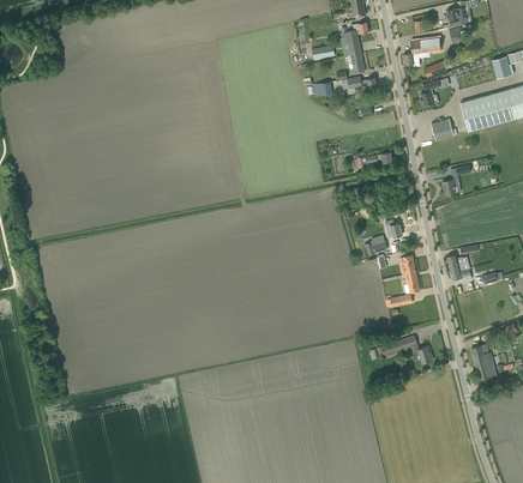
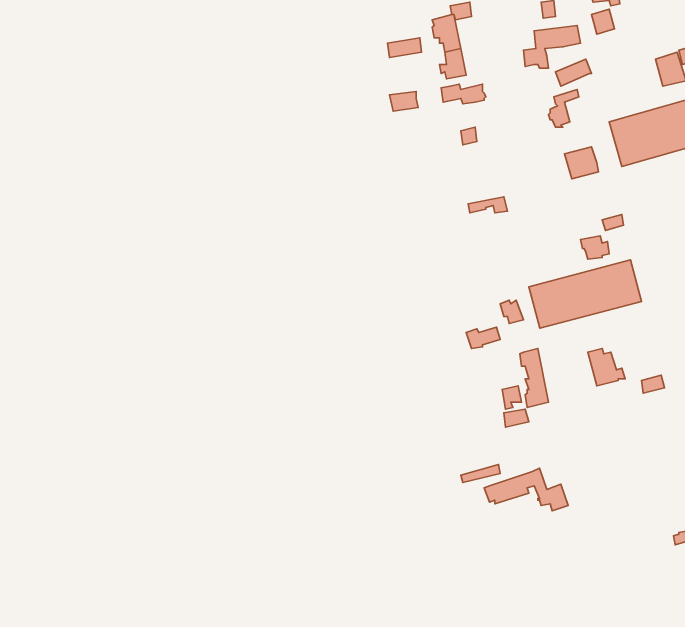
building: none -> [529,260,642,328]
building: [471,345,498,384] -> none

